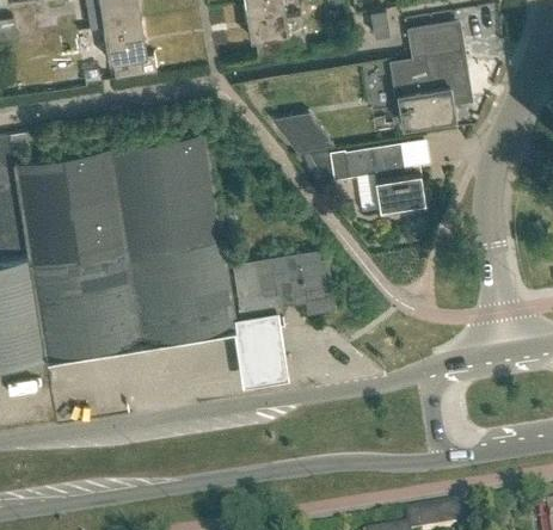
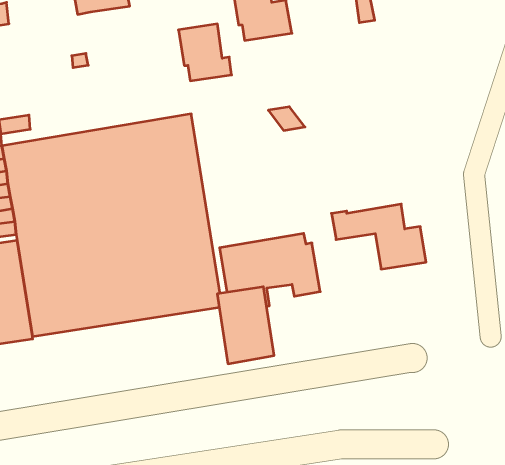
building: [103,21,156,79] -> [178,24,232,81]
building: [393,24,468,128] -> none
building: [330,144,425,210] -> [331,204,426,269]

